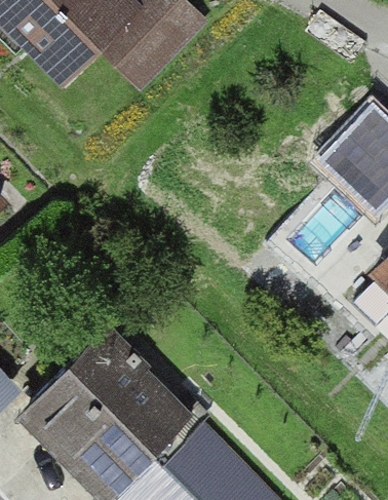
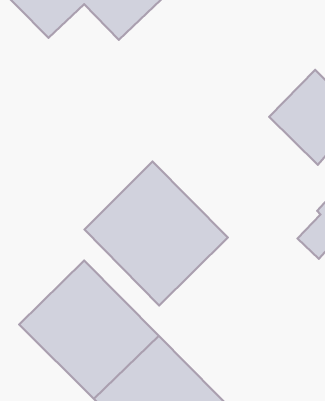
building: none -> [85,161,228,305]

